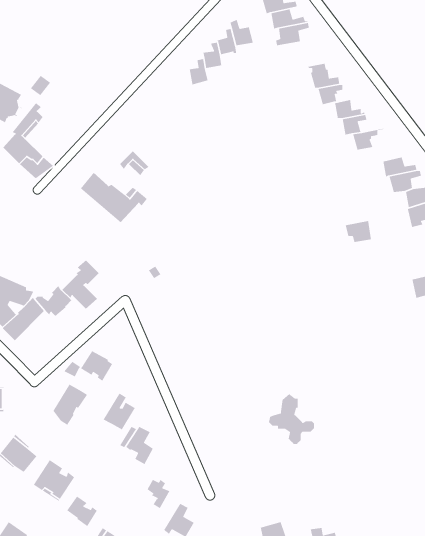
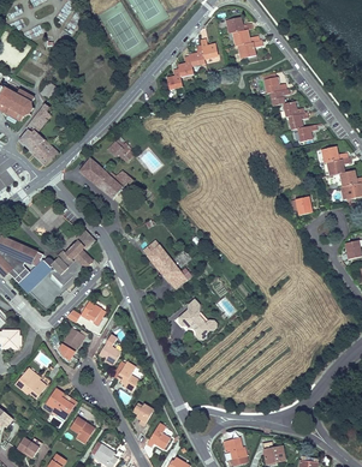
building: none -> [143,240,192,287]
building: [268,393,315,445] -> [178,299,215,340]

